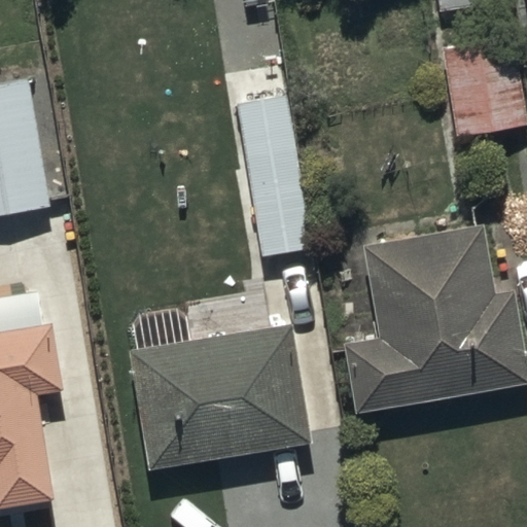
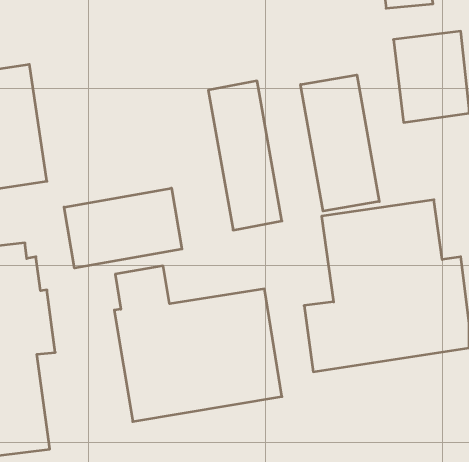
building: none -> [301,75,379,211]
building: none -> [64,188,182,268]

